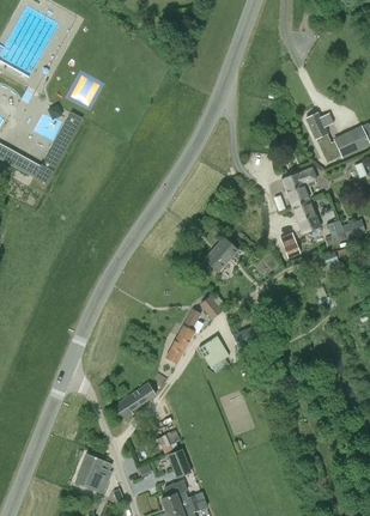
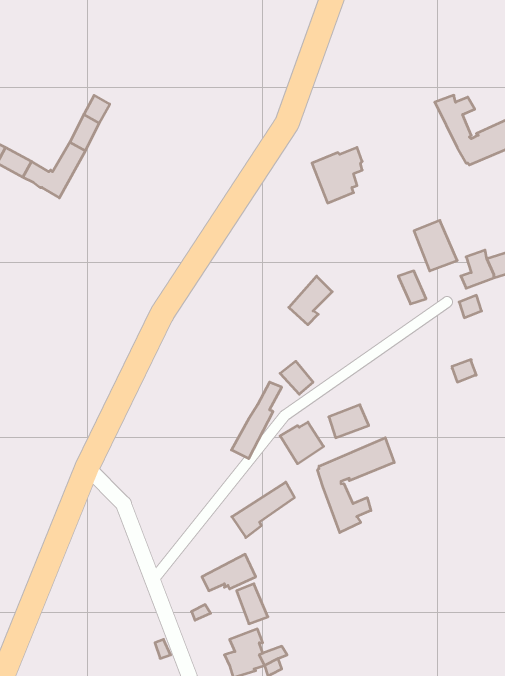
building: [280,168,315,206] -> [312,147,362,203]
building: none -> [318,438,394,533]
building: [111,383,154,421] -> [232,482,294,538]
building: [75,454,111,493] -> none

